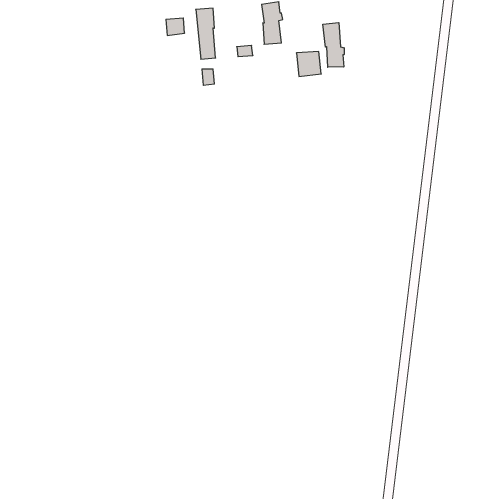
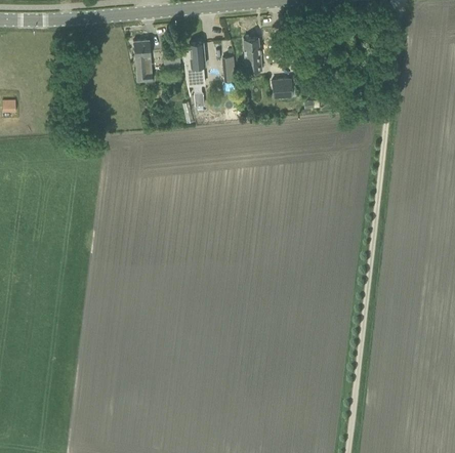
building: none -> [133,40,153,81]
building: [323,23,344,67] -> none

